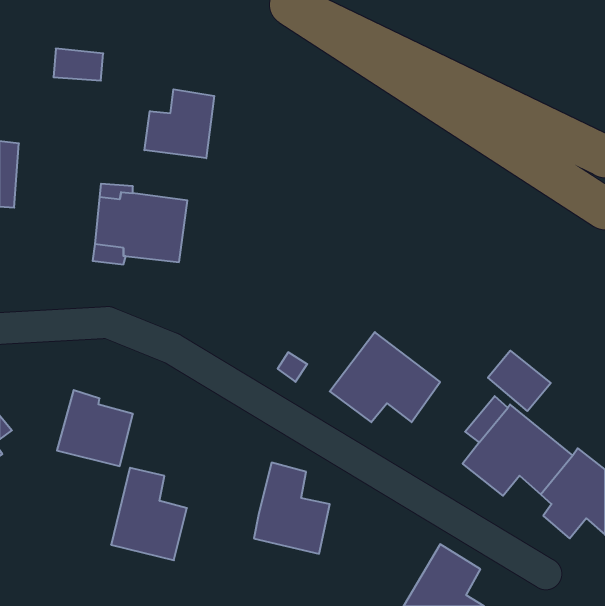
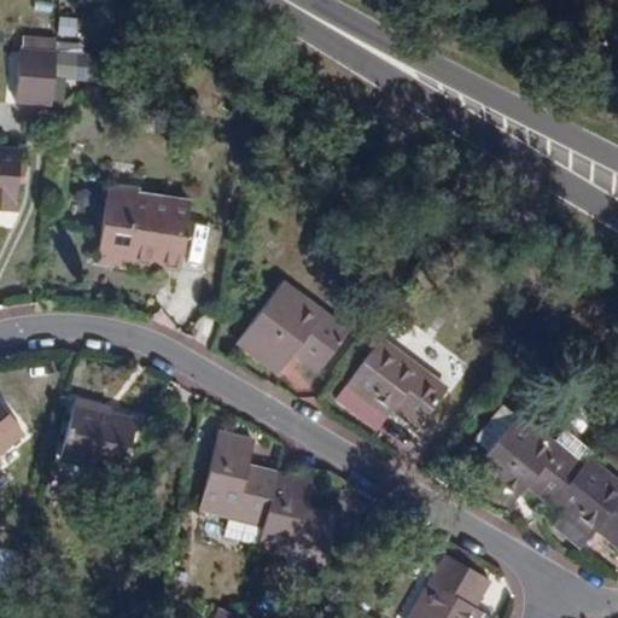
building: none -> [18,48,57,104]
building: [144,89,214,158] -> none
building: none -> [238,280,350,373]
building: [488,351,551,411] -> none
building: [111,468,187,560] -> [199,430,276,524]

